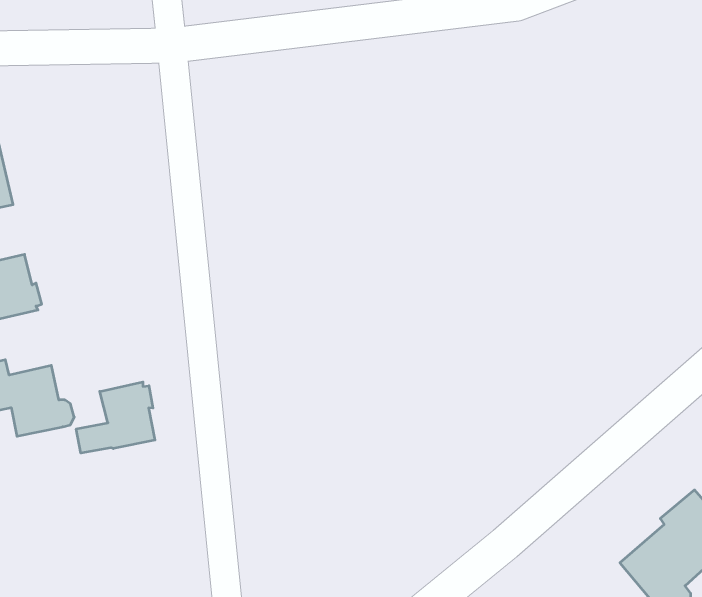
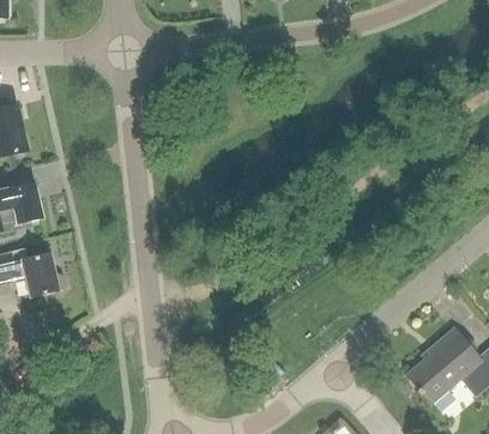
building: [76,382,155,453] -> none

